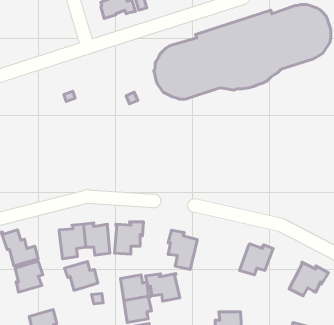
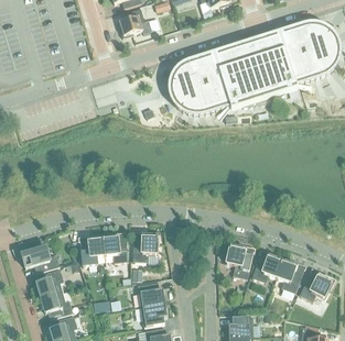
building: [168,230,197,270] -> [226,241,254,278]
building: none -> [276,256,304,293]
building: [64,261,98,290] -> [41,292,73,319]
building: [146,274,180,301] -> none

